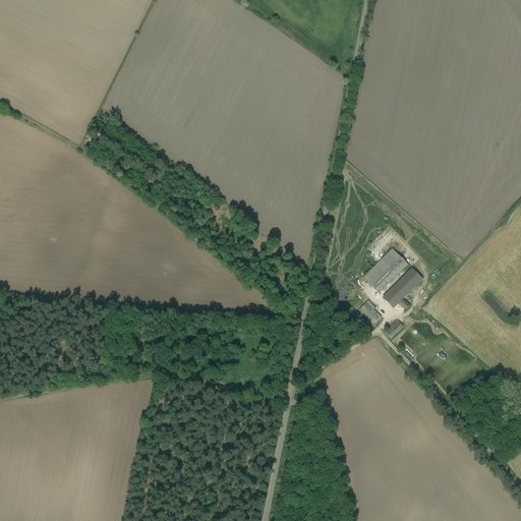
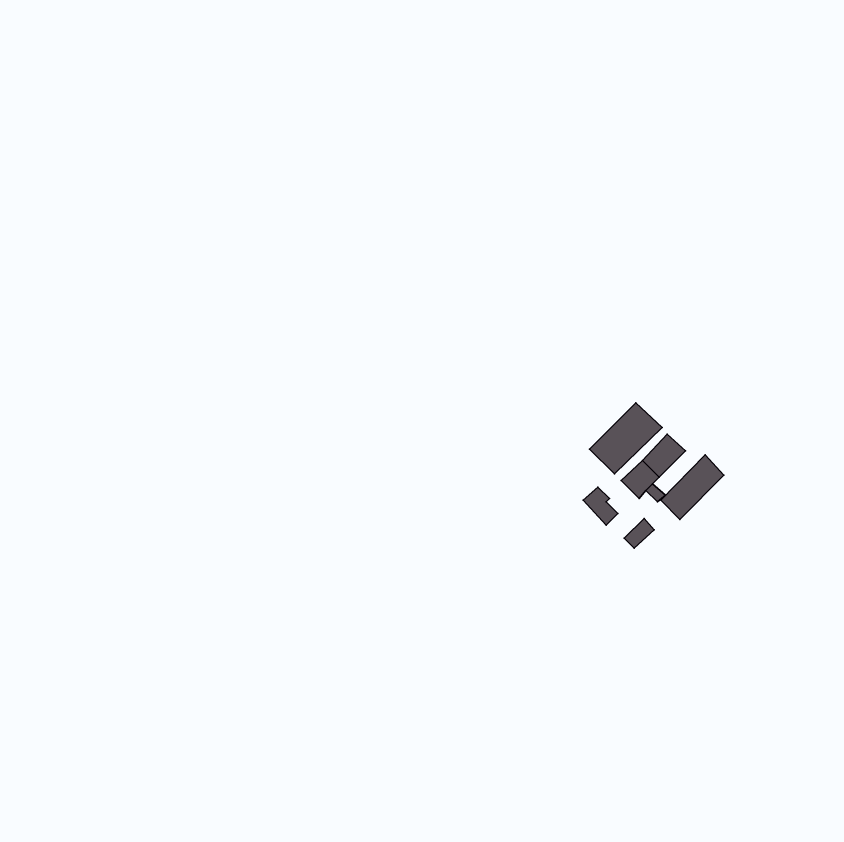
building: none -> [661,455,724,519]

